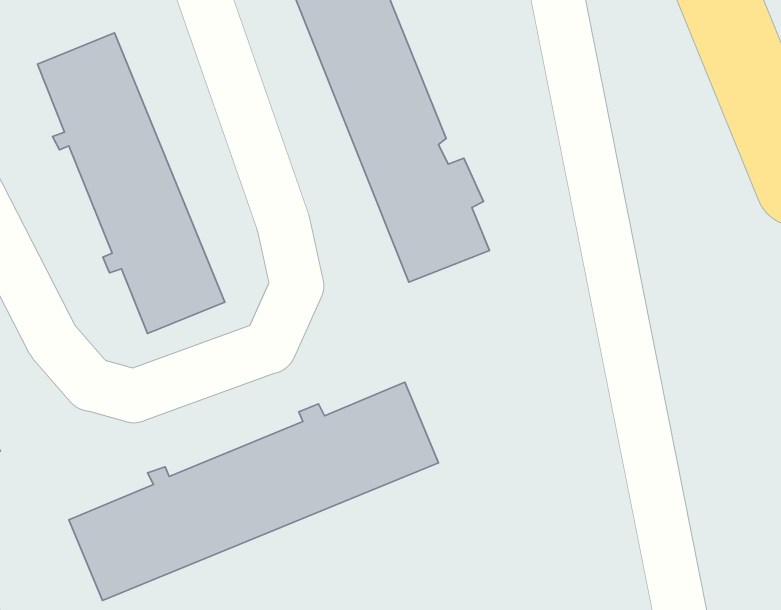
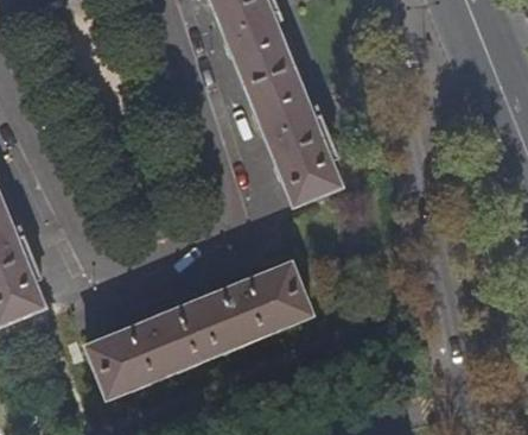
building: [37,33,225,334] -> none

